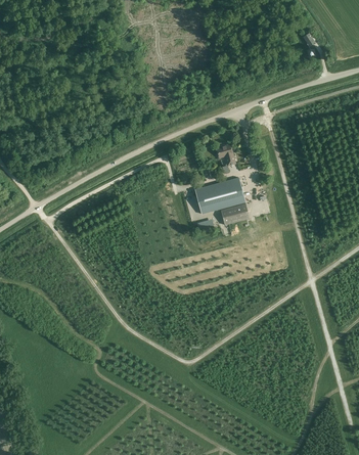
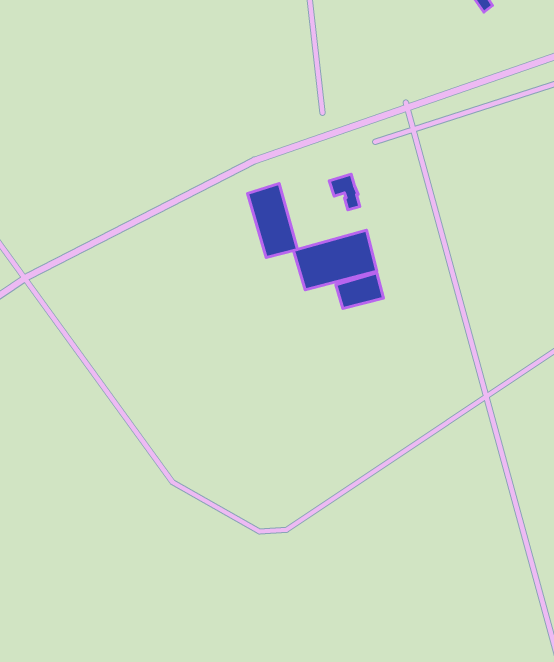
building: none -> [247,184,298,257]

